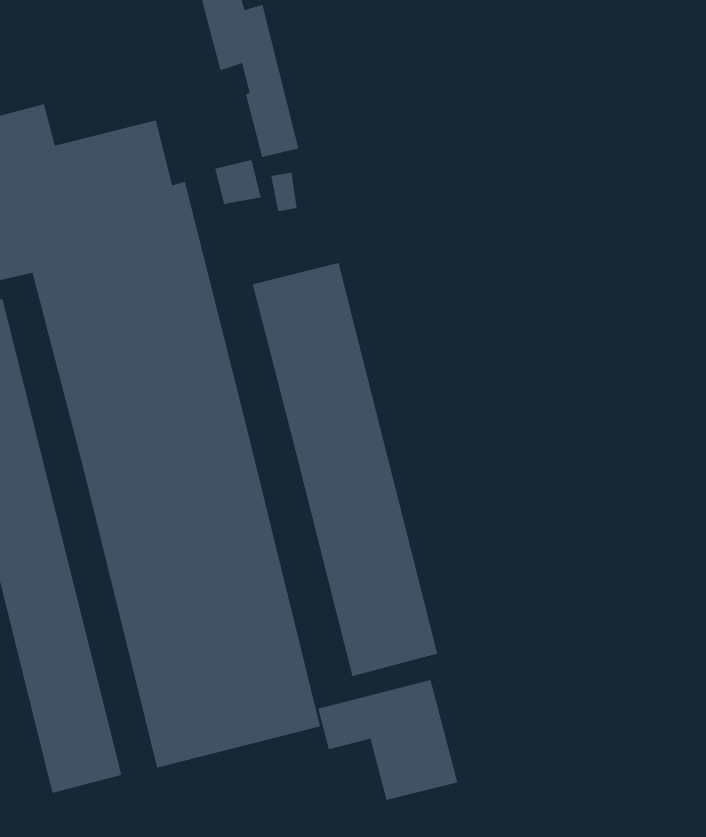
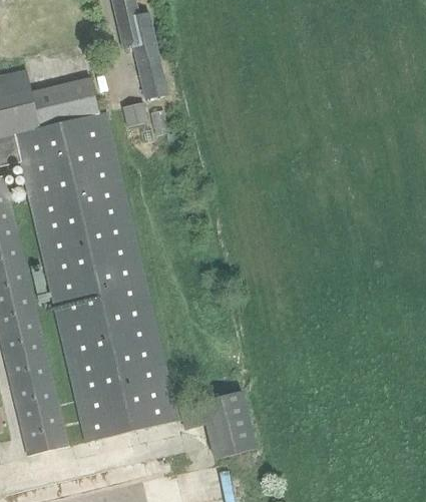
building: [252,262,438,677] -> none

